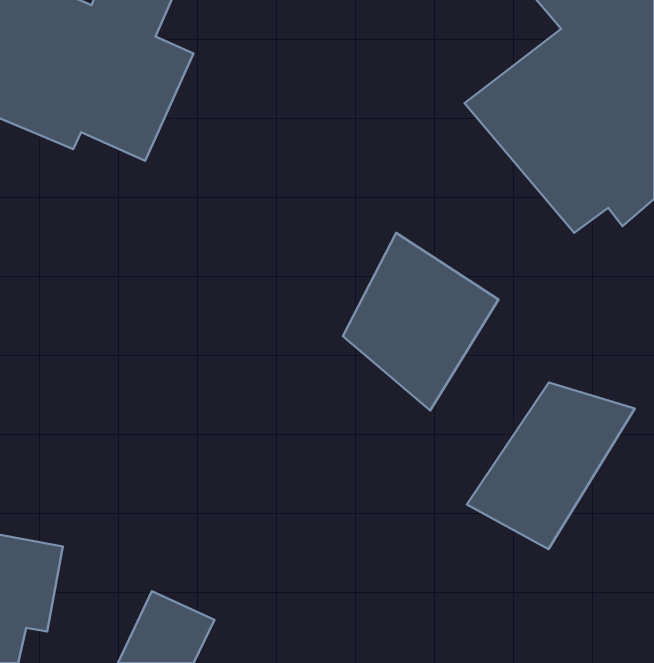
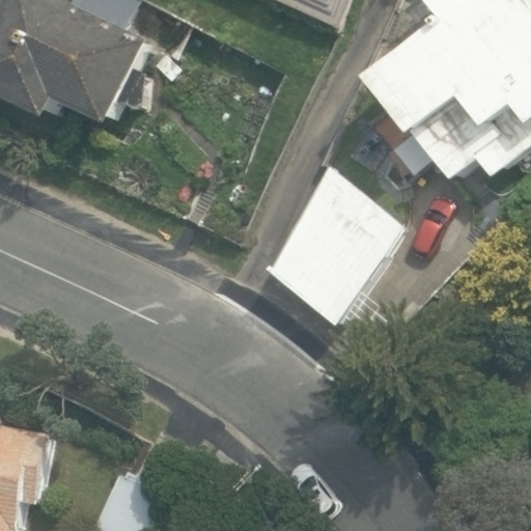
building: [467,382,635,549] -> none

